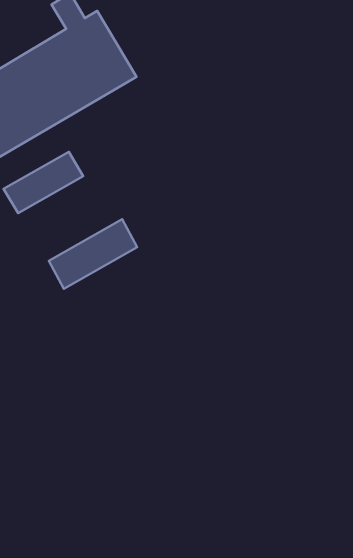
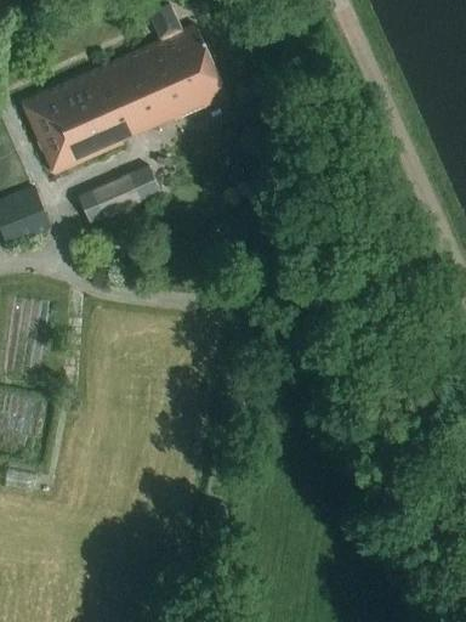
building: [49,219,137,289] -> none

